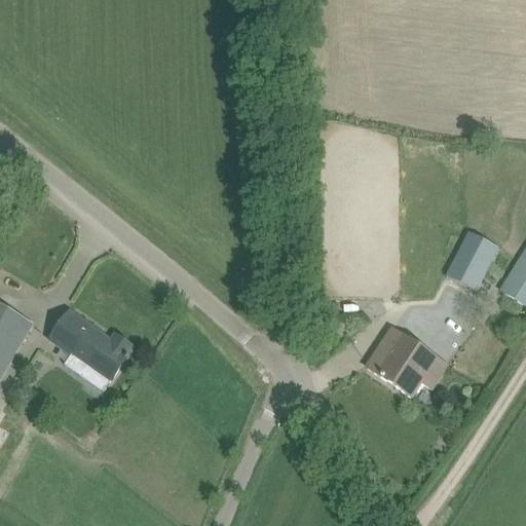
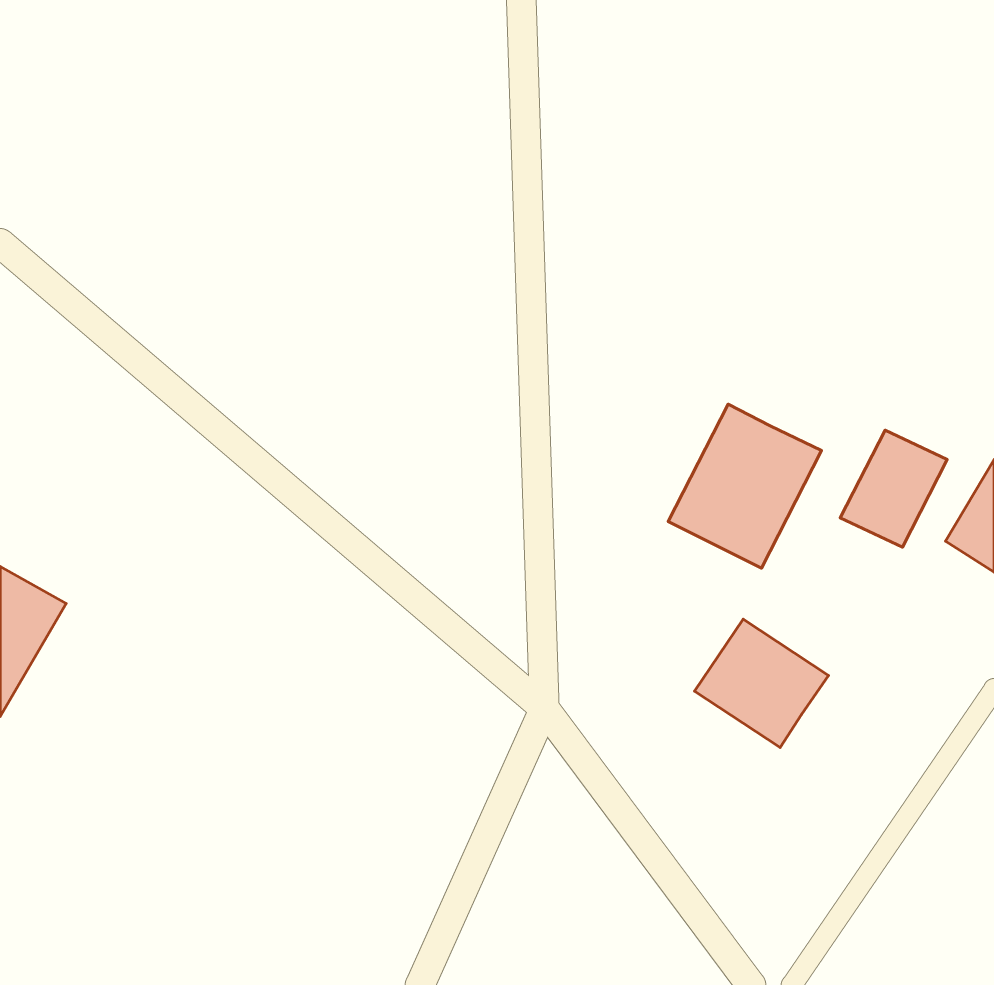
building: none -> [668,404,822,568]
building: [47,309,134,389] -> none

